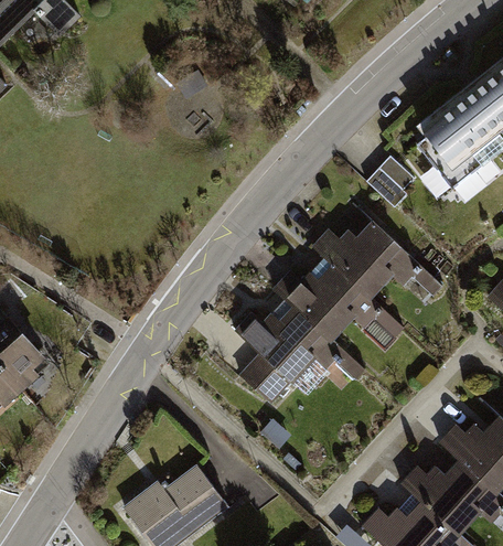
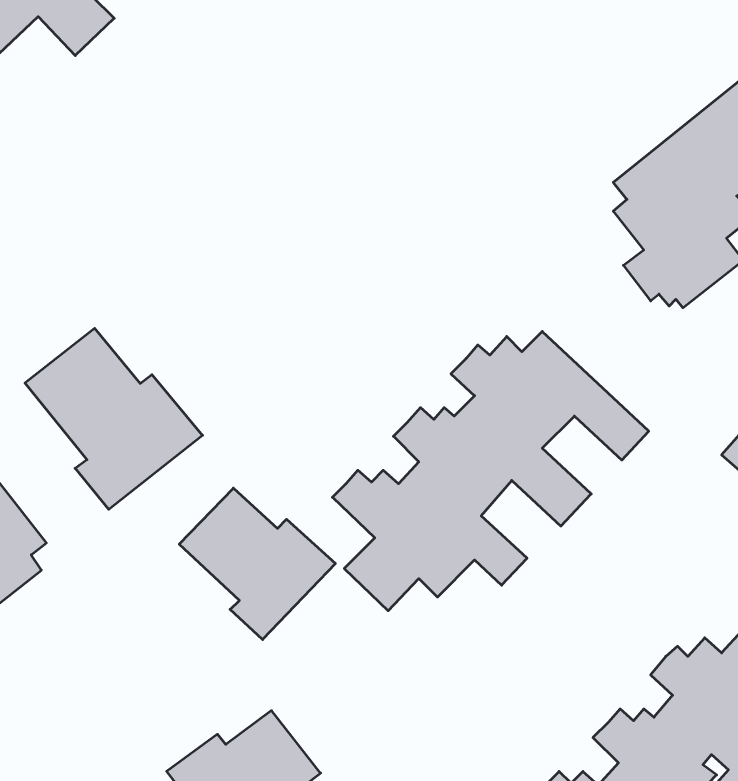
building: [366,157,411,207] -> none
building: none -> [25,328,203,509]
building: none -> [179,488,335,640]

